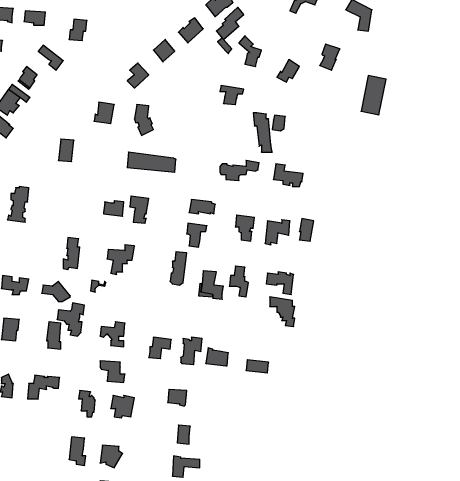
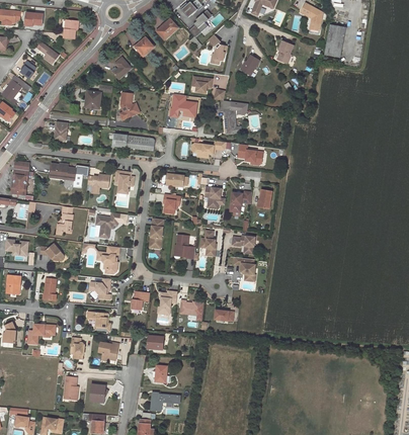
building: [361,76,386,115] -> [324,24,345,58]
building: none -> [167,92,197,116]
building: none -> [49,164,89,188]
building: [57,303,84,336] -> [96,246,119,274]

